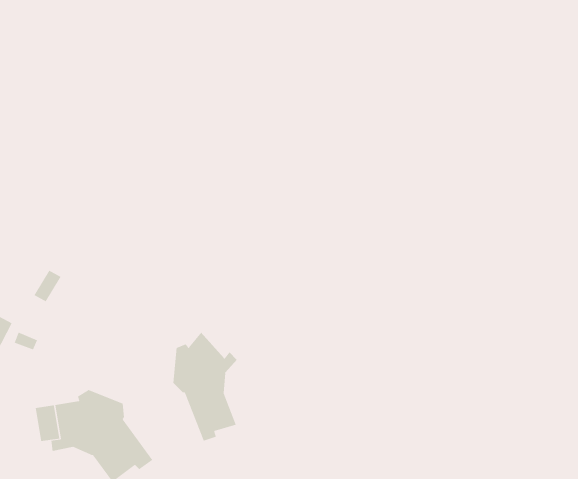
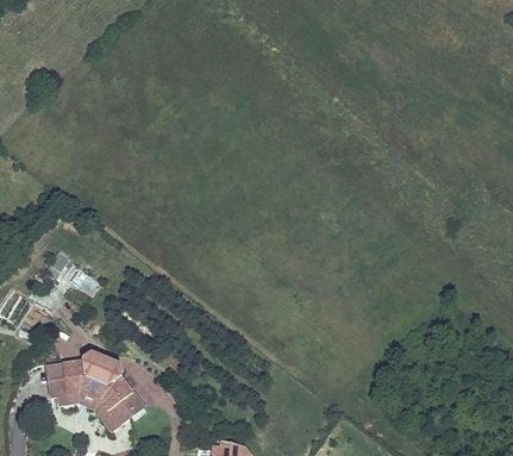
building: [173,332,237,442] -> none

